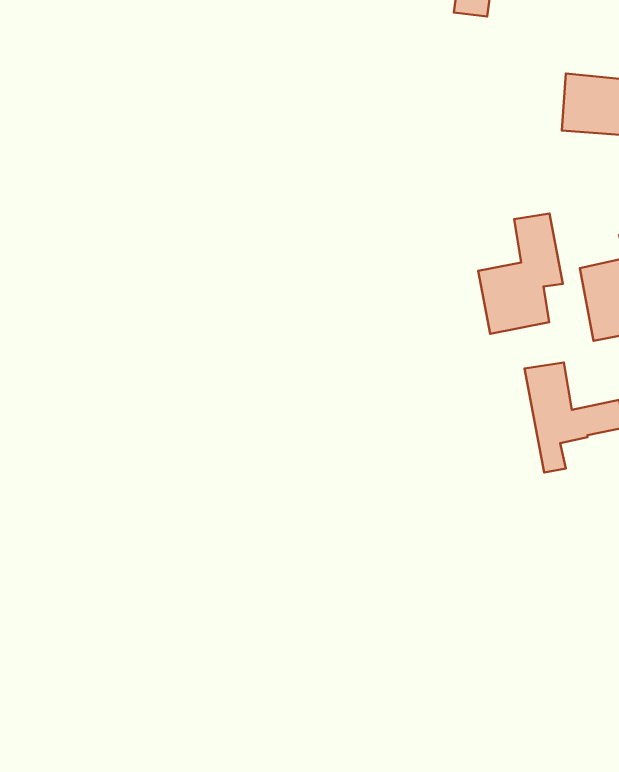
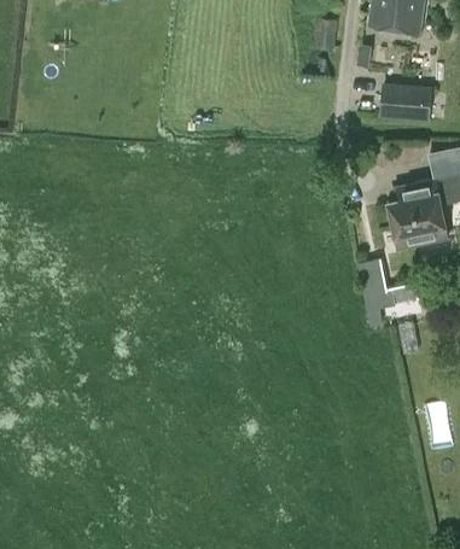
building: [478,214,563,334] -> none

